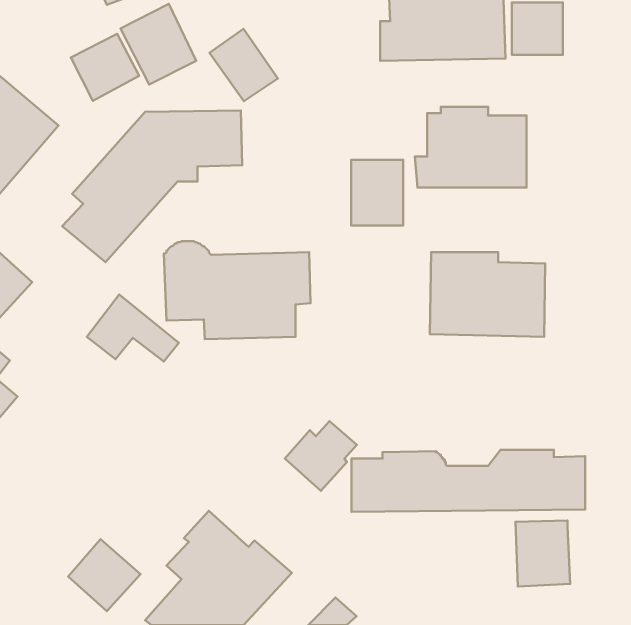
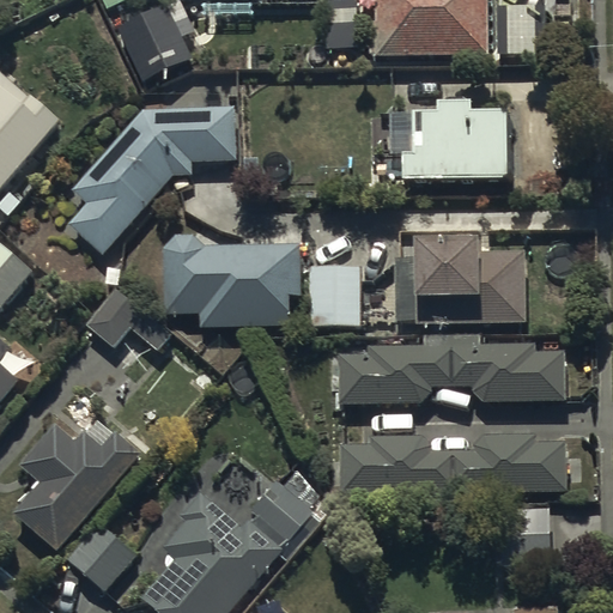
building: [209,29,278,101] -> none
building: [71,34,139,101] -> none
building: [351,160,403,226] -> [309,262,359,326]
building: none -> [339,333,564,401]
building: [285,421,357,491] -> [250,469,320,536]
building: none -> [12,419,151,550]

